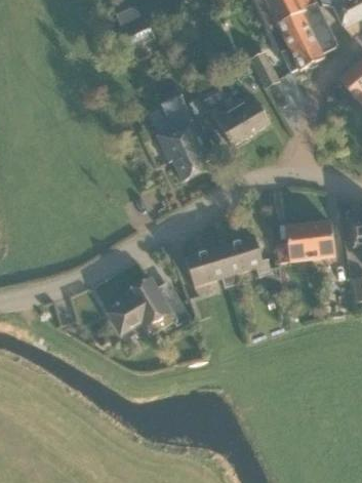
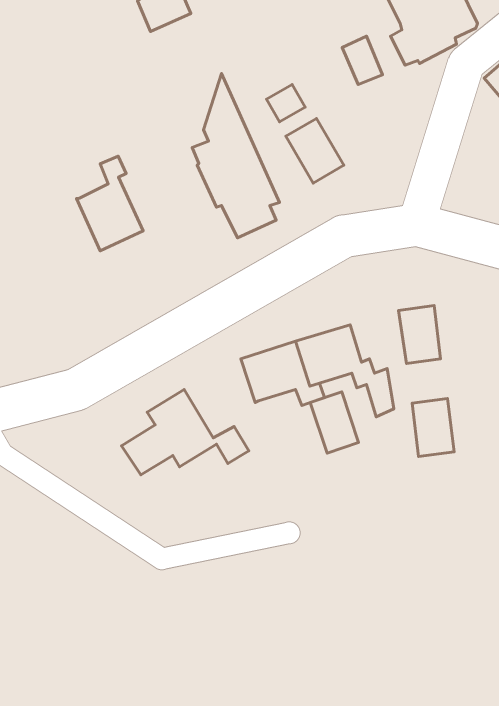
building: [232,92,269,133] -> none
building: none -> [77,156,143,251]
building: [307,219,333,256] -> [412,398,454,457]
building: none -> [310,392,359,453]

